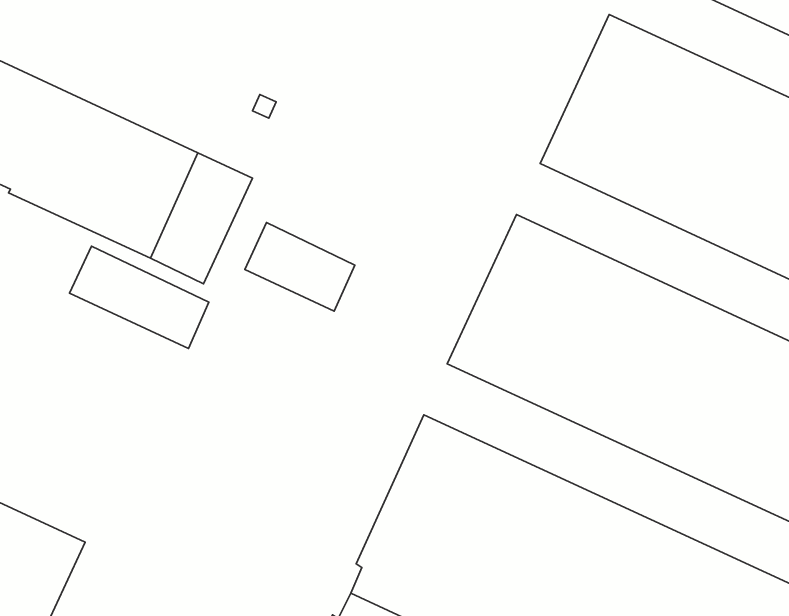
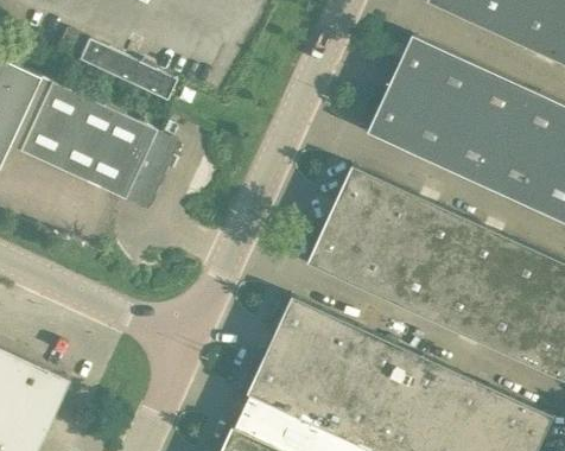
building: none -> [80,38,178,101]
building: [245,223,355,311] -> none
building: [70,246,209,349] -> none

